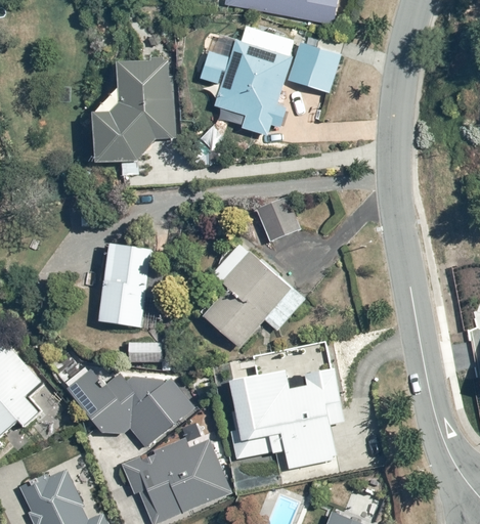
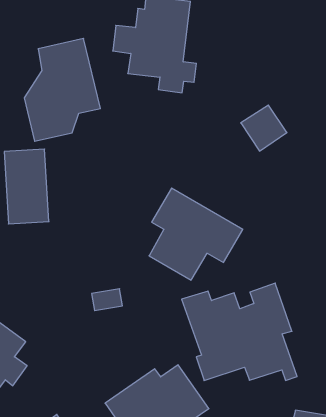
building: [290,42,342,92] -> none
building: [257,194,306,244] -> [241,105,287,151]
building: [99,242,154,328] -> [4,149,49,224]
building: [67,364,192,447] -> none

